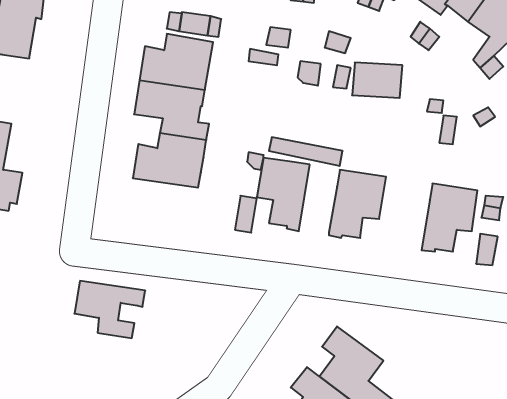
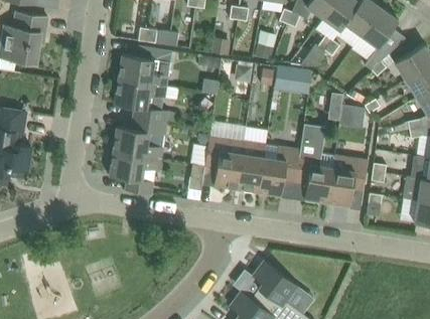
building: none -> [295,125,334,205]
building: none -> [236,142,266,192]
building: [74,281,145,338] -> [109,152,161,194]

